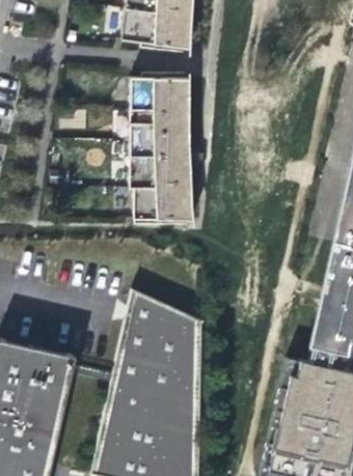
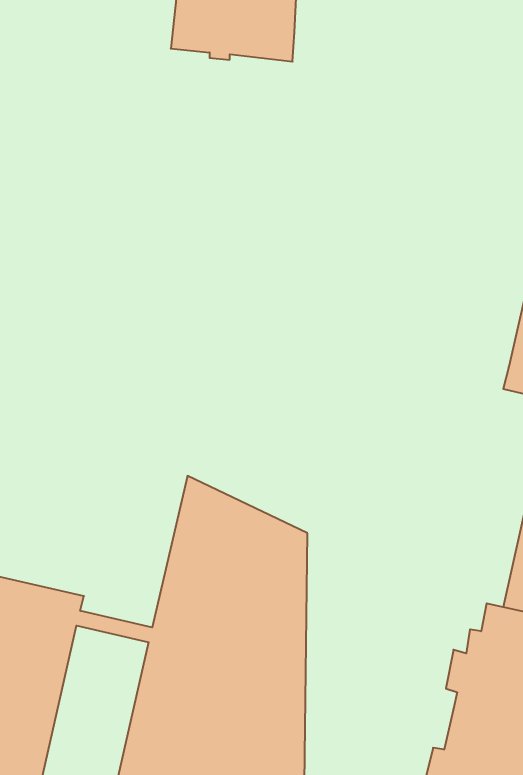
building: [129,81,192,221] -> none

